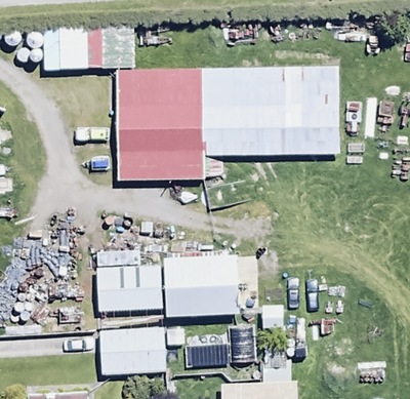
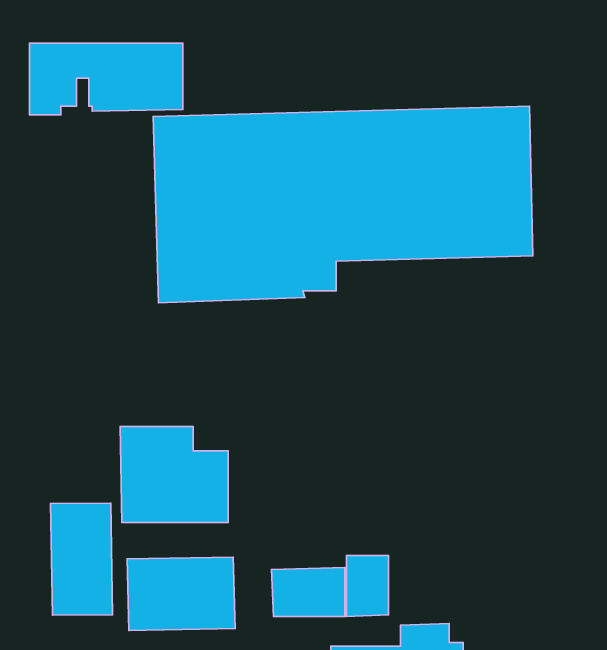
building: [163,254,238,315] -> none
building: none -> [51,503,113,615]

